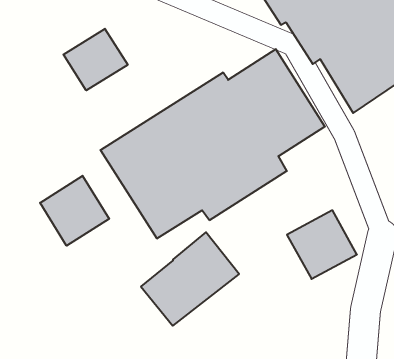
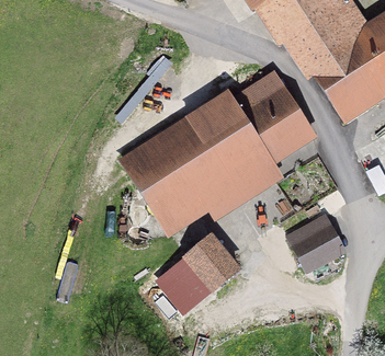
building: [63,29,128,90] -> none
building: [40,176,109,246] -> none

